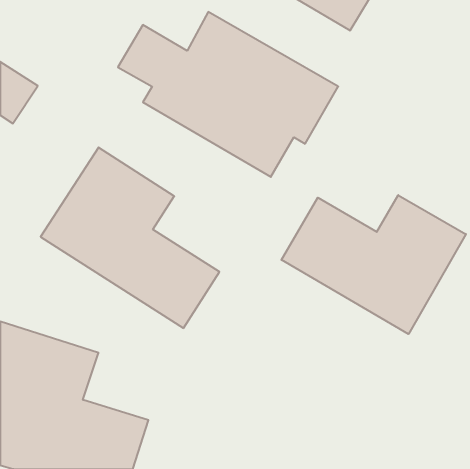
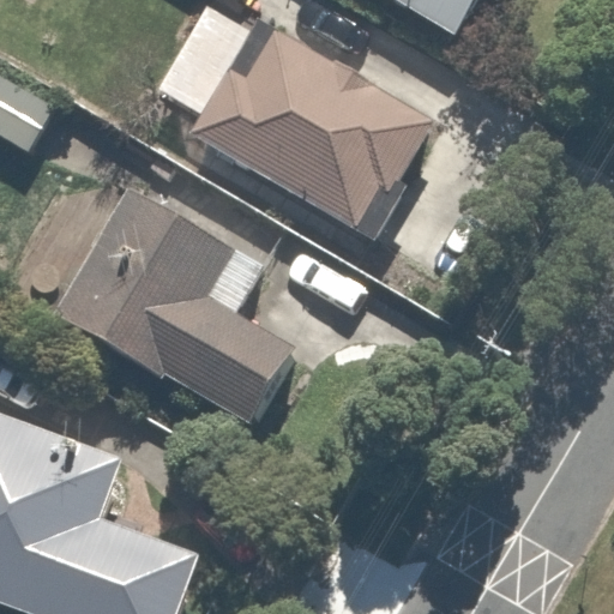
building: [281,195,466,334] -> none

